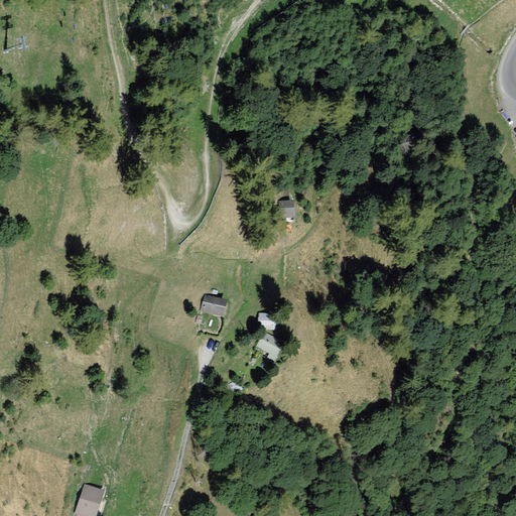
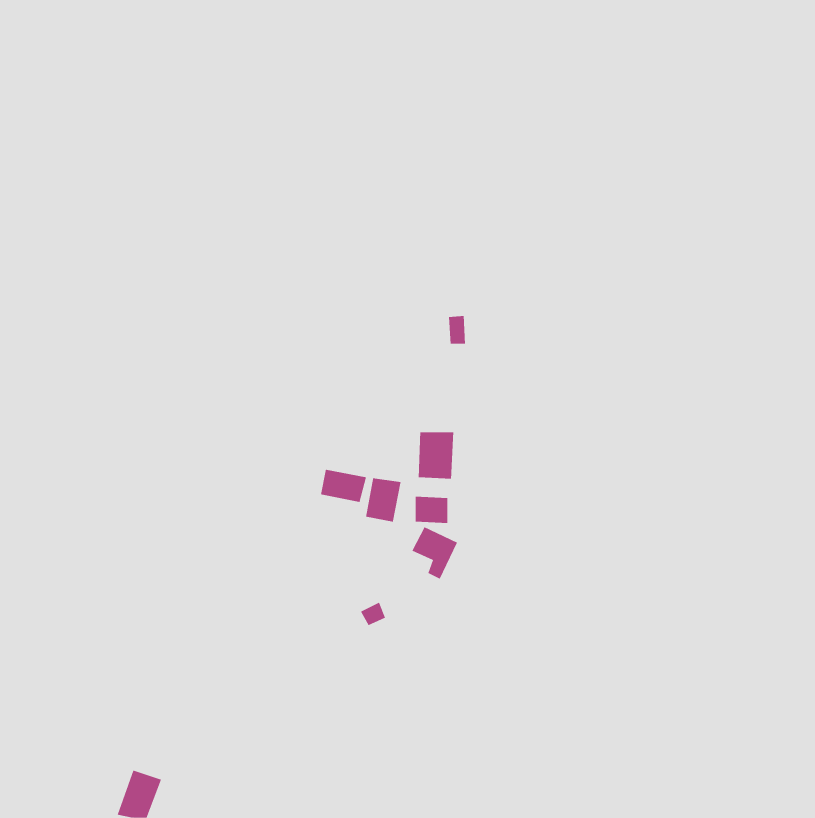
building: none -> [418,431,454,480]
building: none -> [366,477,401,522]

